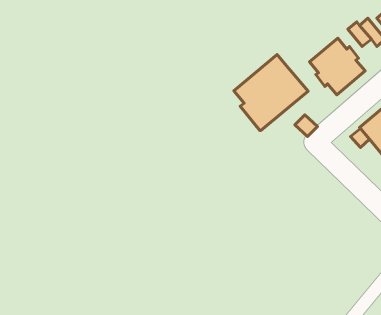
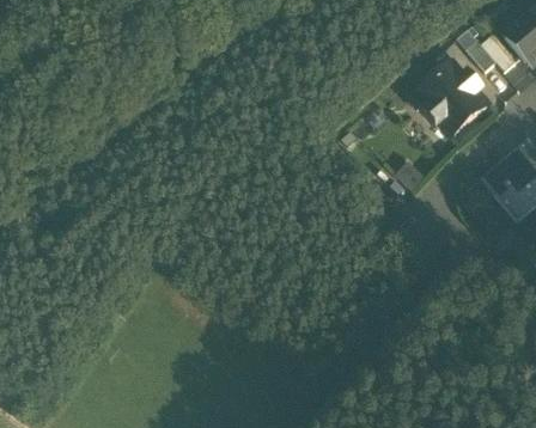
building: [234,55,308,130] -> none

